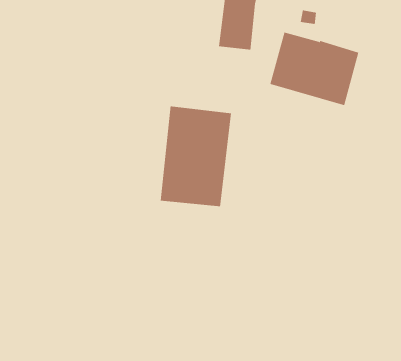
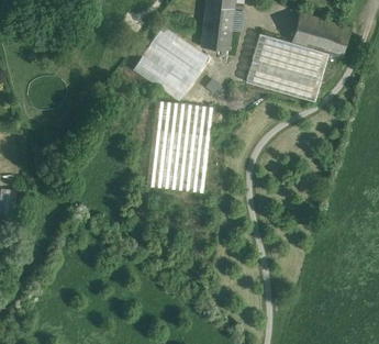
building: none -> [291,13,353,57]
building: none -> [133,25,207,98]

